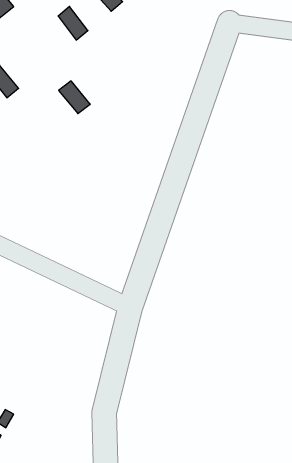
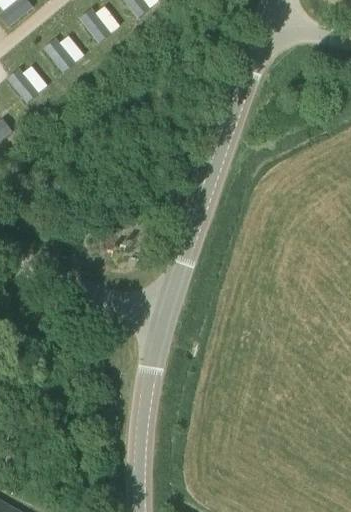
building: [59,81,90,114] -> [42,38,75,72]

